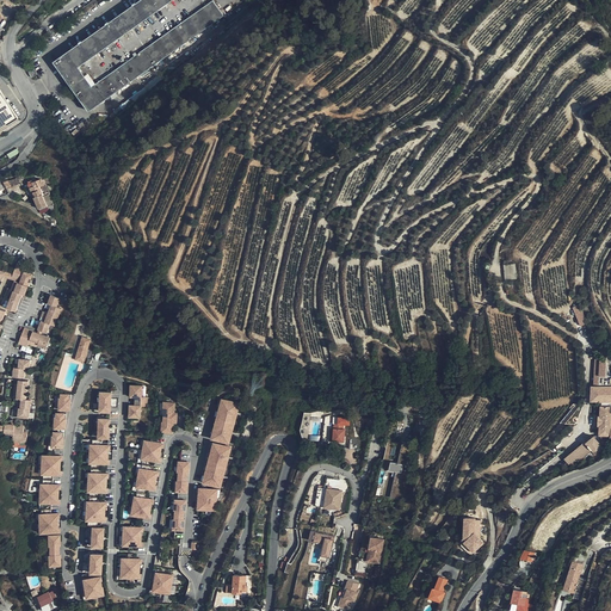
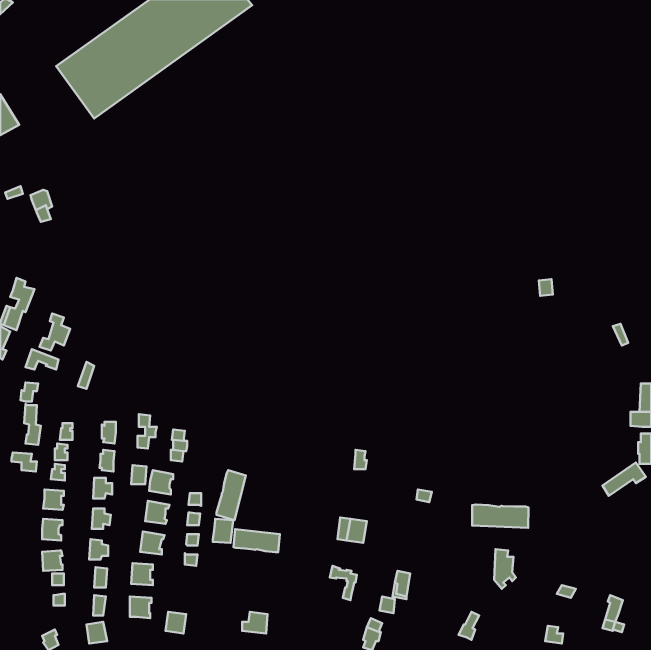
building: [211,397,239,442] -> none
building: none -> [472,505,529,528]
building: none -> [234,529,280,552]

